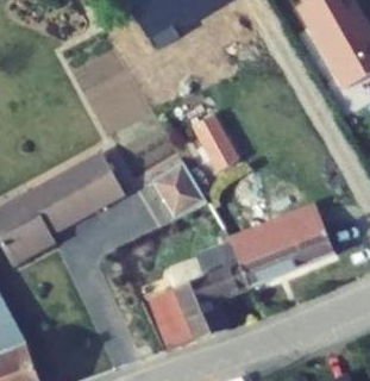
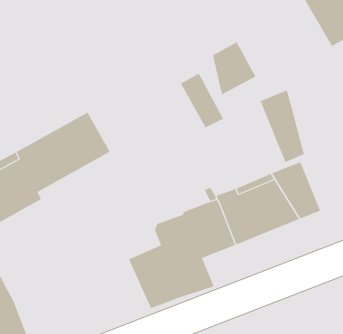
building: none -> [212,41,256,95]
building: none -> [260,90,304,163]
building: [150,161,208,219] -> none

